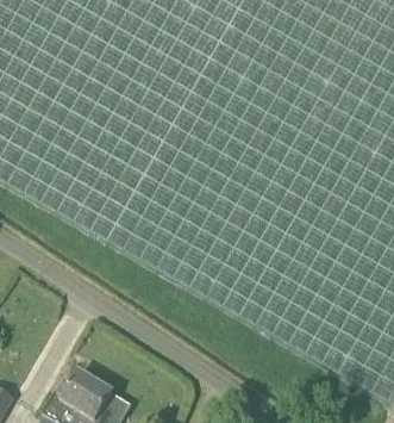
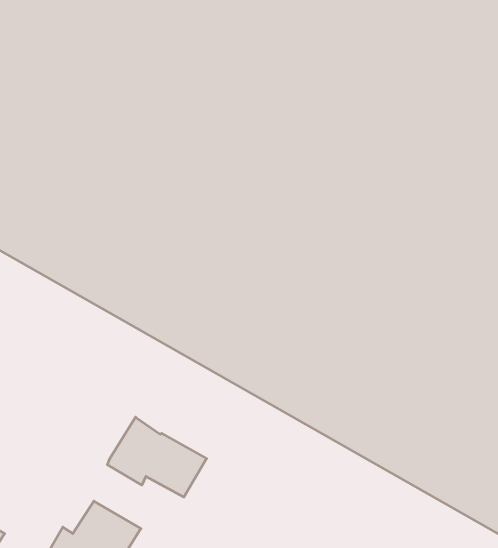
building: none -> [107,417,207,497]

